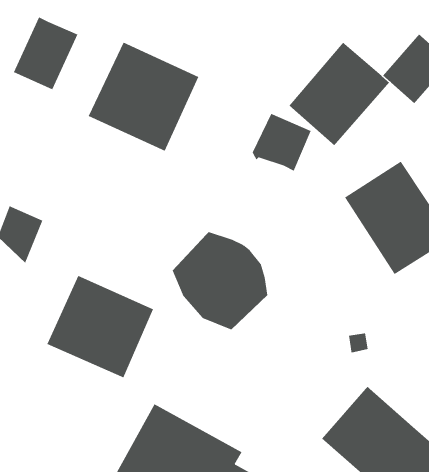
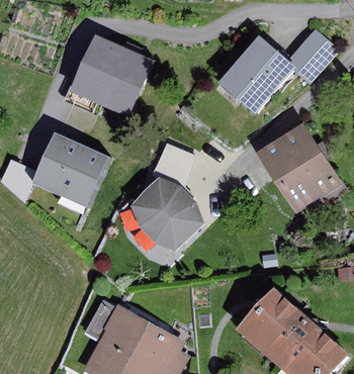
building: [13,16,78,90] -> none
building: [252,113,312,171] -> [152,144,196,187]
building: [47,275,154,378] -> [32,132,112,209]

